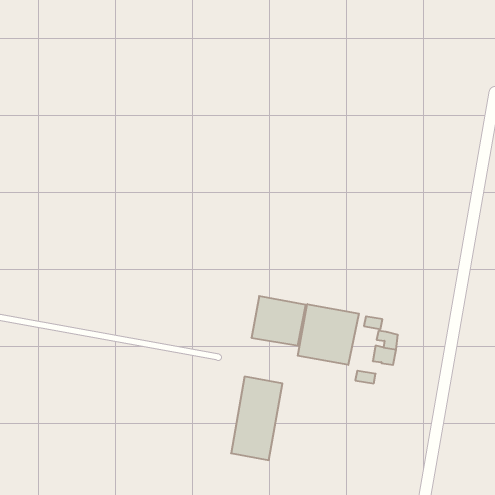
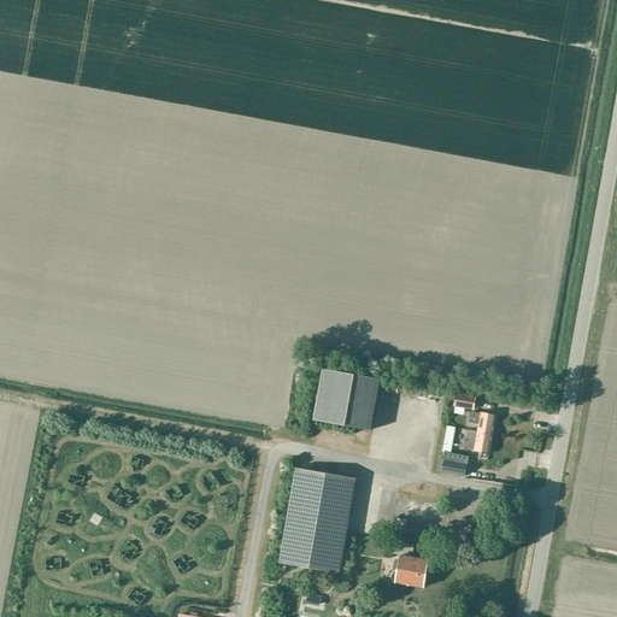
building: [298,304,359,365] -> none
building: none -> [392,554,427,586]

